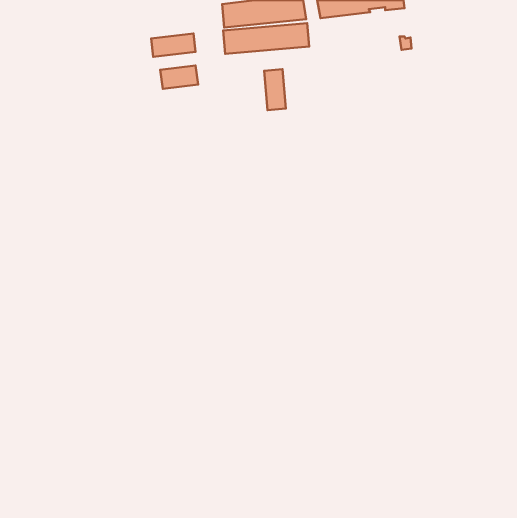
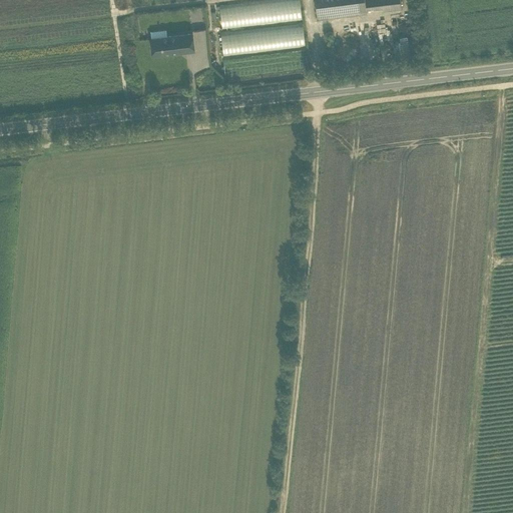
building: [160,66,198,89] -> none
building: [264,69,286,110] -> none

